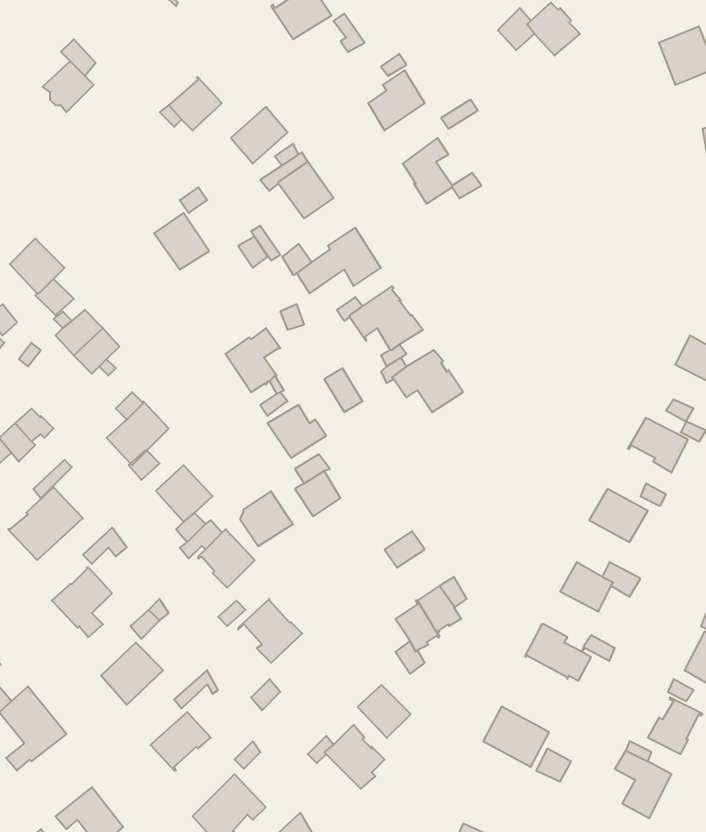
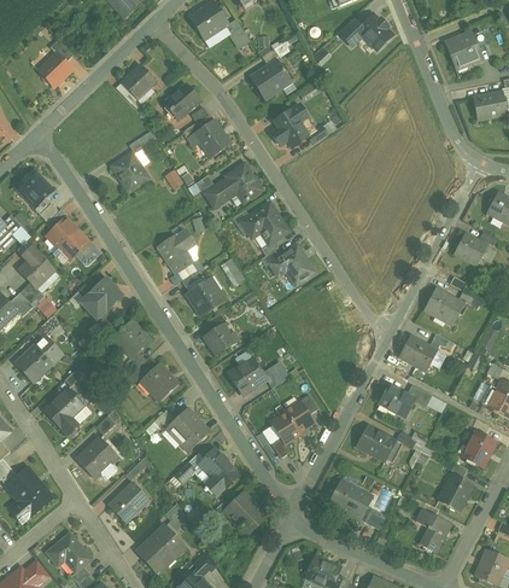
building: none -> [18,252,53,289]
building: [240,491,293,546] -> [230,357,265,394]
building: [358,685,411,738] -> [199,449,234,484]

